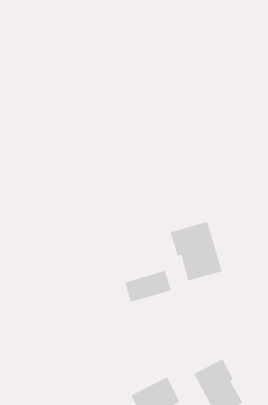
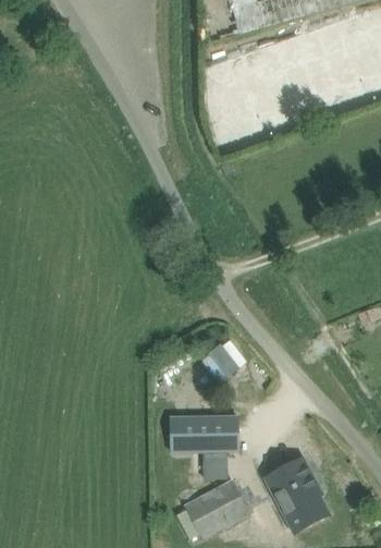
building: [170,221,223,282] -> none
building: none -> [170,414,238,477]

